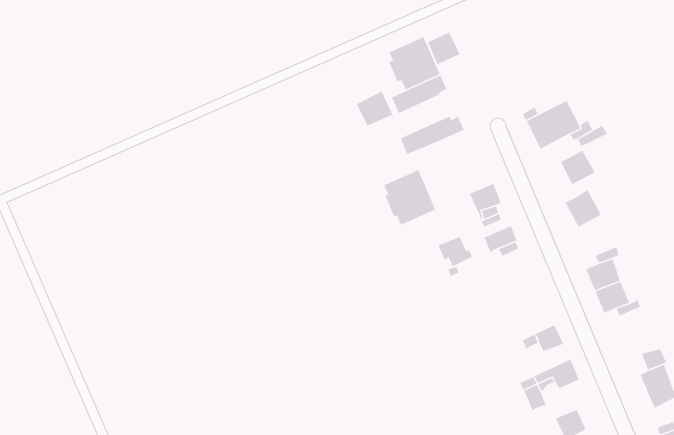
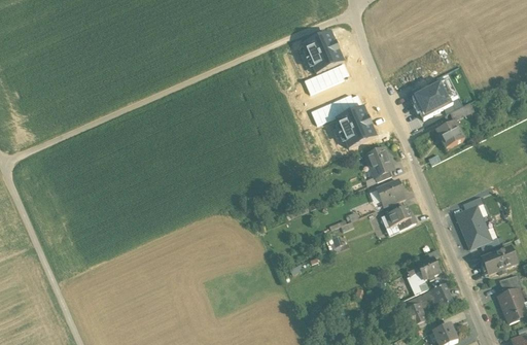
building: [427,32,461,65] -> none
building: [356,90,394,127] -> none
building: [383,169,436,226] -> [335,105,376,149]
building: [564,189,602,228] -> none
building: [438,236,473,268] -> [388,205,416,230]
building: none -> [482,246,517,274]

